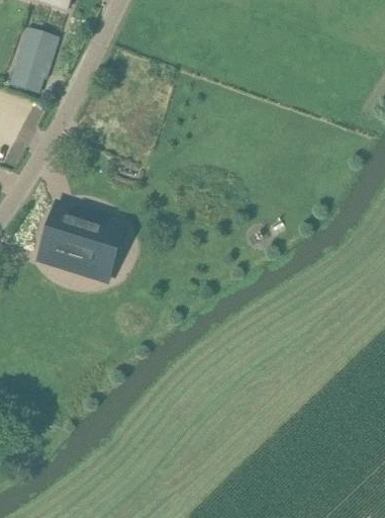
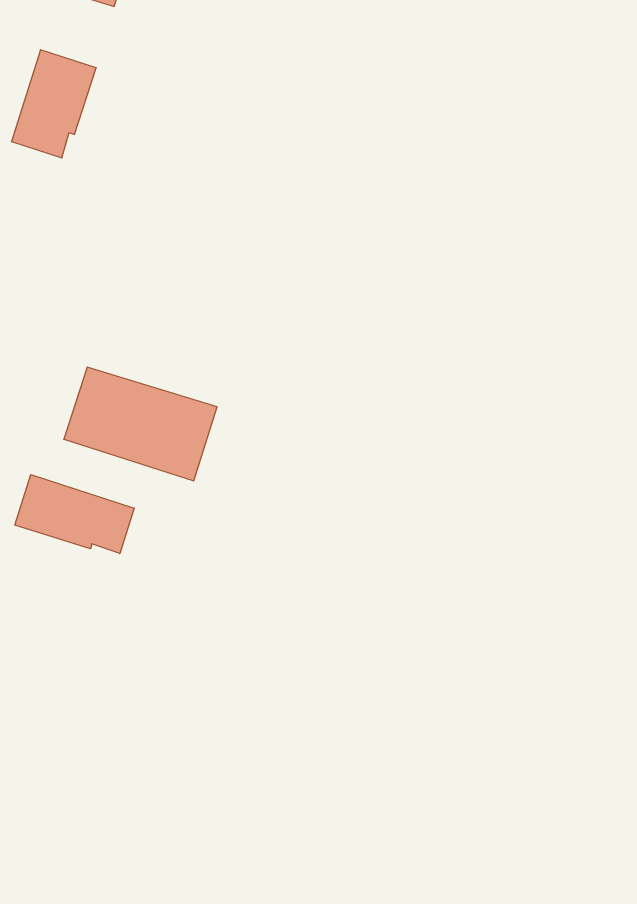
building: none -> [15,475,134,554]

